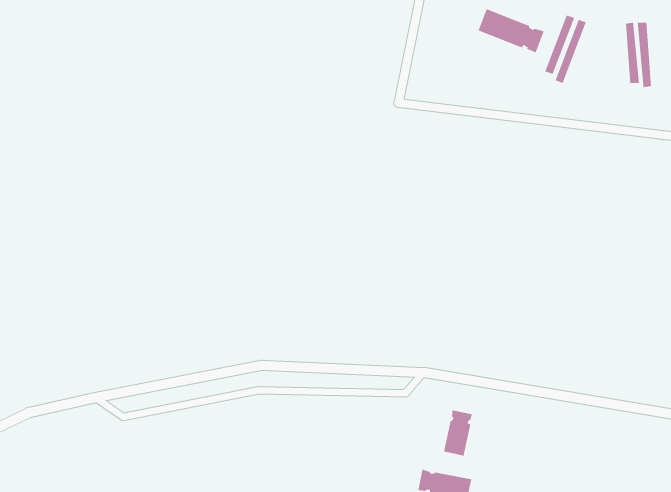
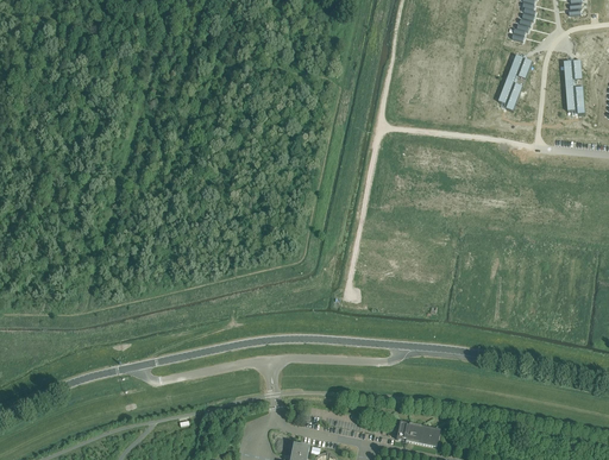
building: [477,8,545,53] -> none
building: [443,409,473,456] -> none

